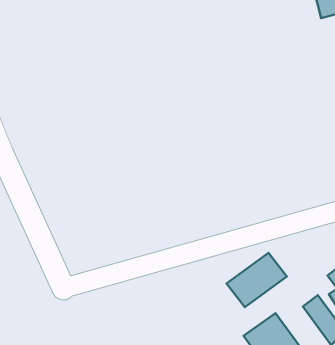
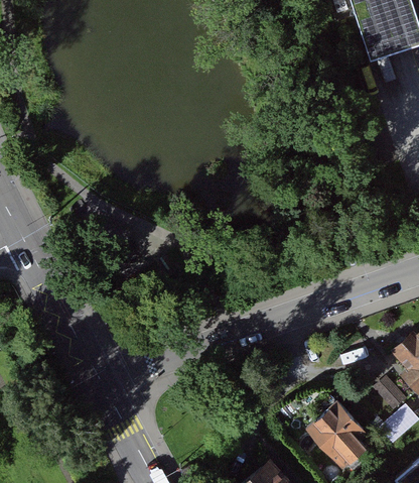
building: [227,253,287,307] -> none

